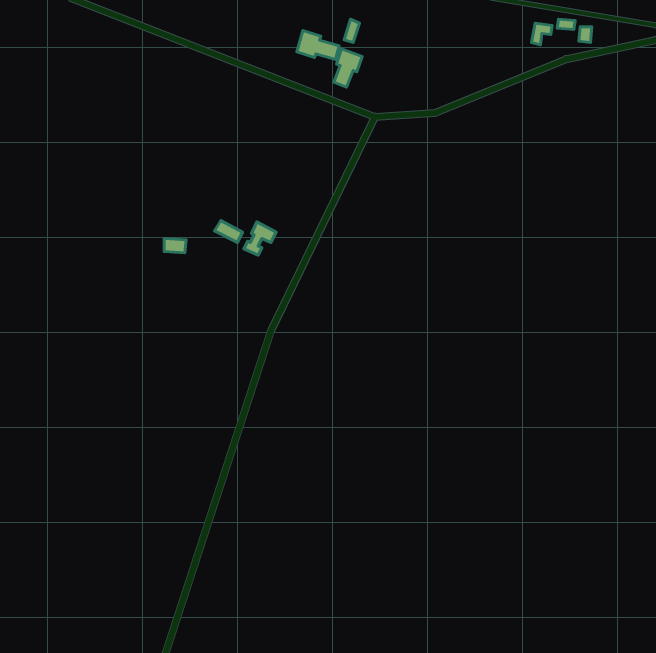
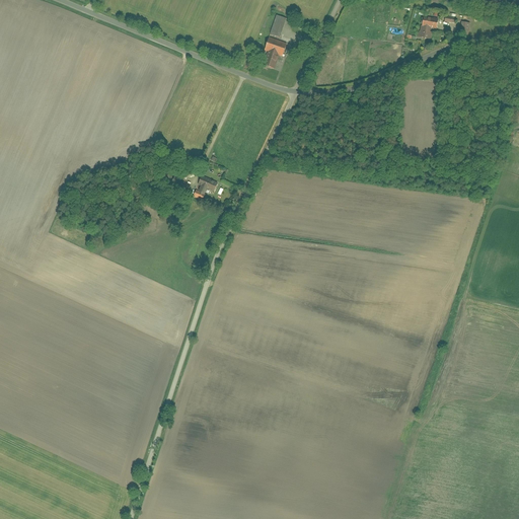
building: [297,30,339,59] -> none

